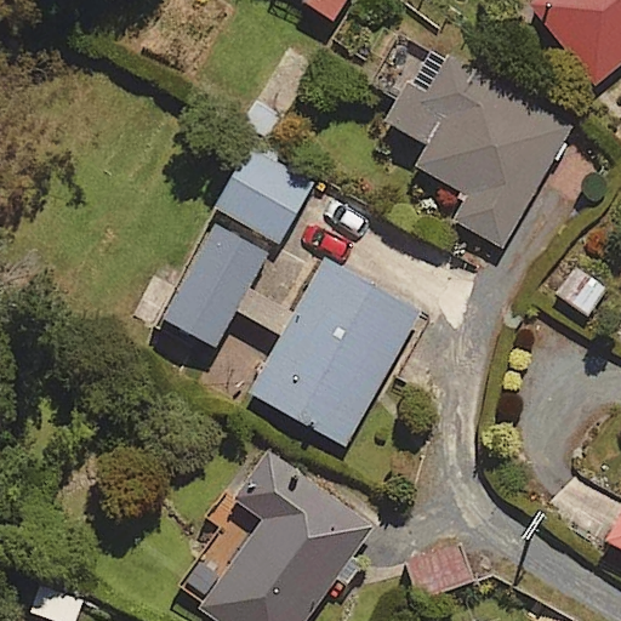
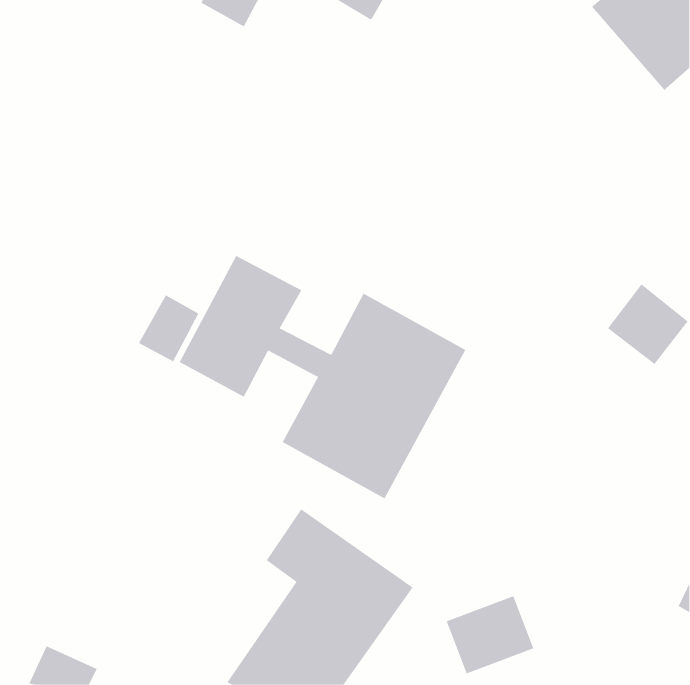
building: [370,33,569,245] -> none
building: [220,150,312,244] -> none

